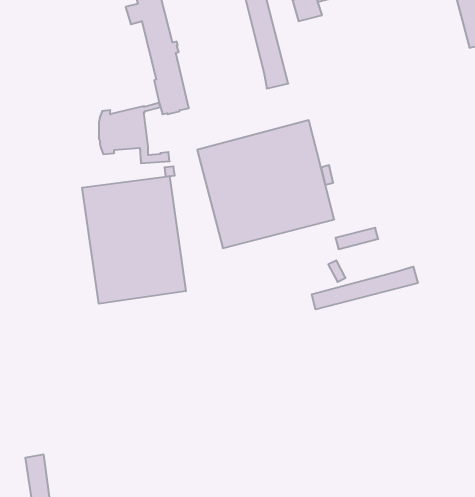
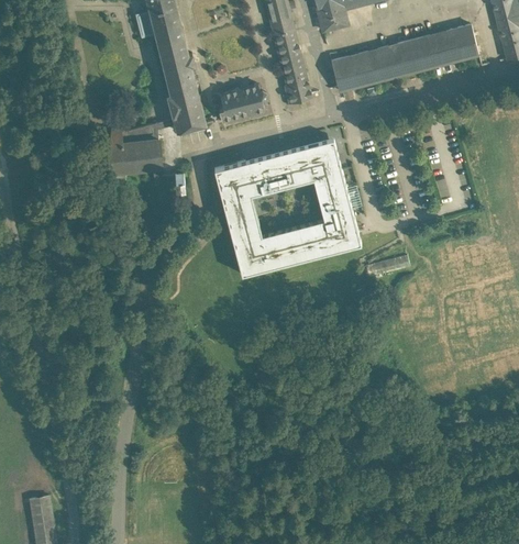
building: none -> [331,24,478,91]
building: none -> [219,85,267,120]
building: [82,176,186,304] -> none
building: [312,267,418,309] -> none

